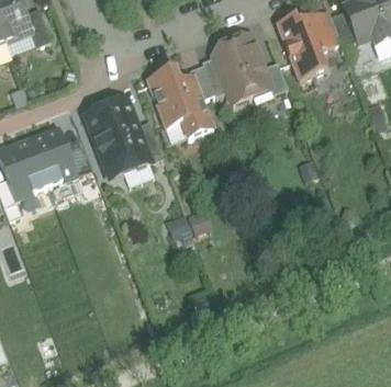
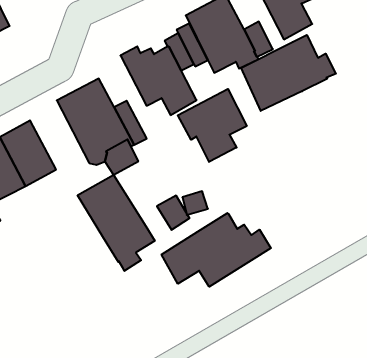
building: none -> [241,35,336,111]
building: none -> [178,89,247,162]
building: none -> [78,175,155,271]
building: none -> [162,213,271,287]

